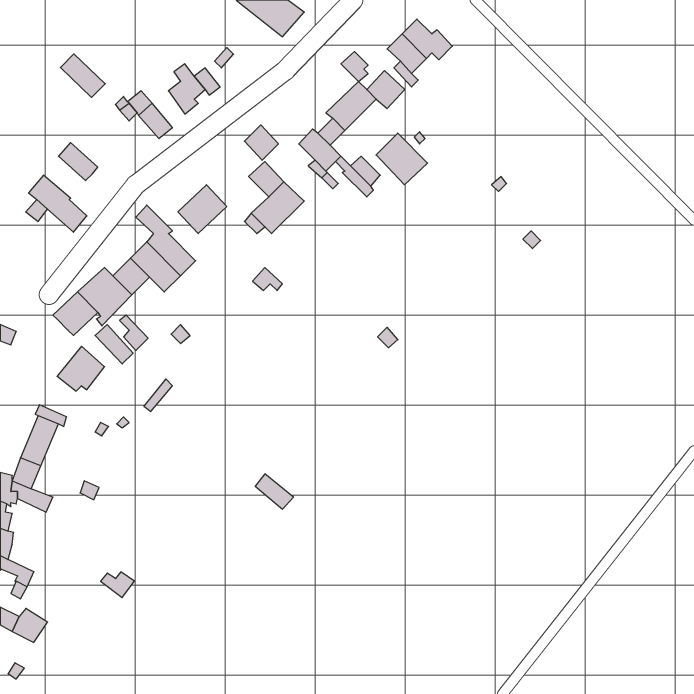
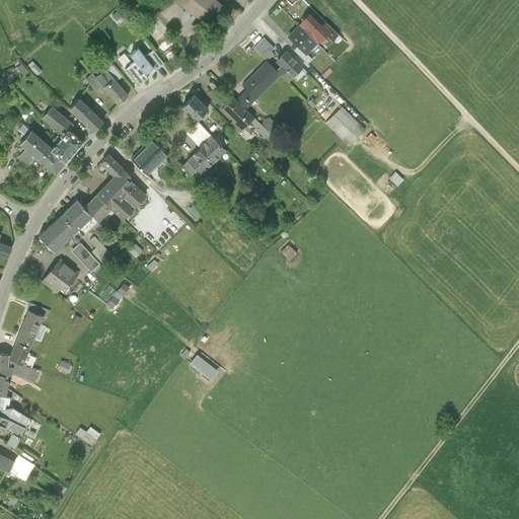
building: [60,54,105,97] -> [70,97,103,130]
building: [376,133,428,185] -> [326,107,365,146]
building: none -> [52,130,83,161]

